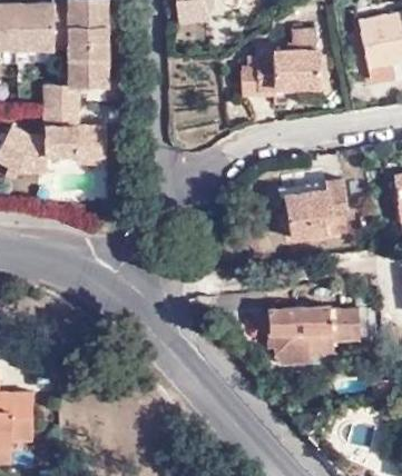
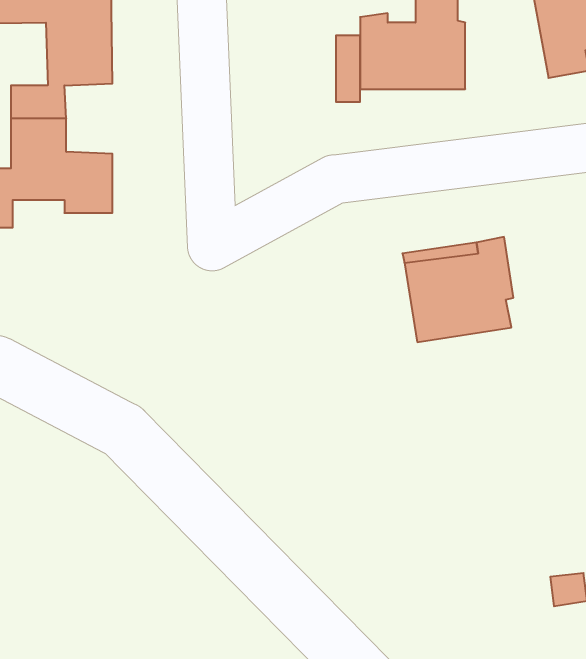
building: [268,306,361,366] -> none

